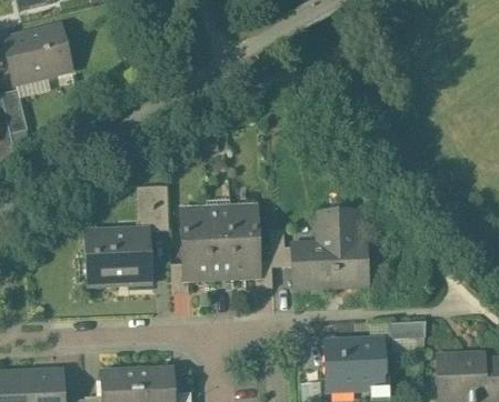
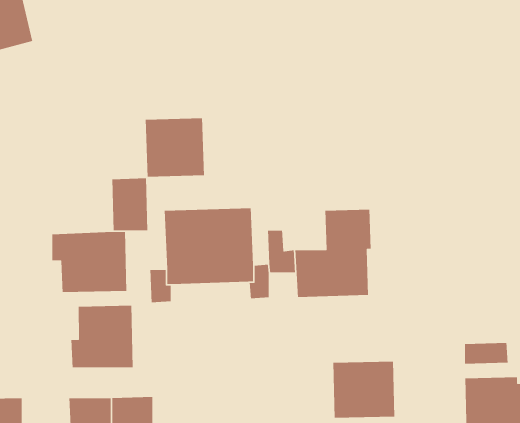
building: none -> [145,117,205,178]
building: none -> [71,305,134,368]
building: [390,319,428,338] -> [464,342,508,365]

